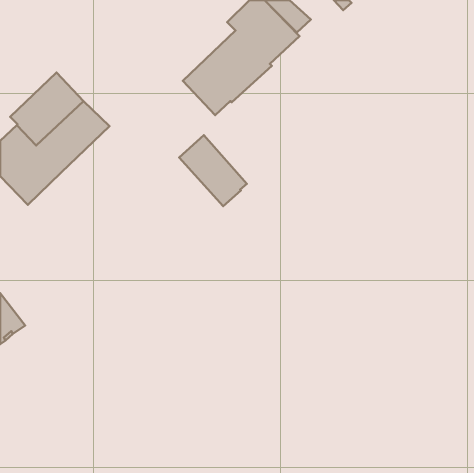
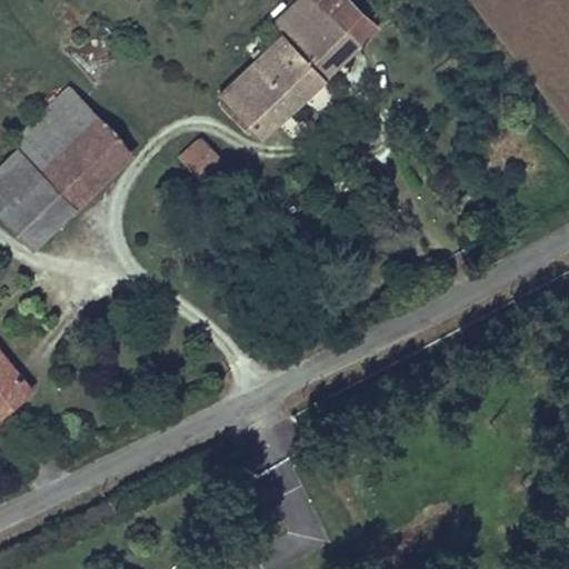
building: none -> [179,138,222,181]
building: [179,135,247,206] -> none

